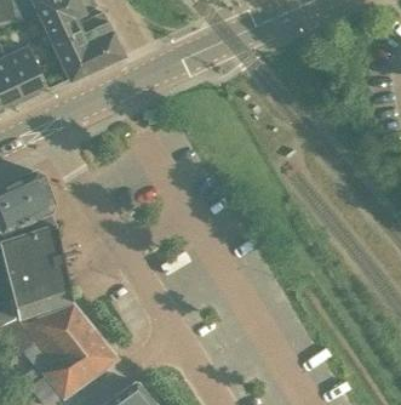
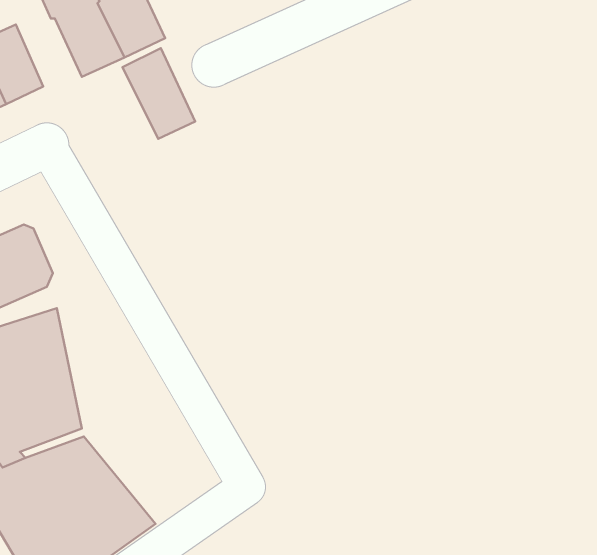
building: none -> [122,48,195,139]

